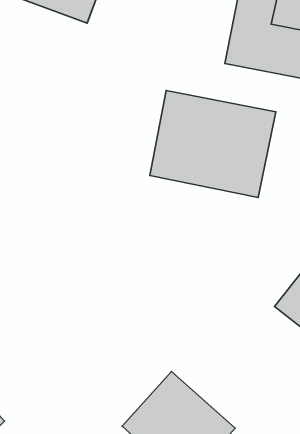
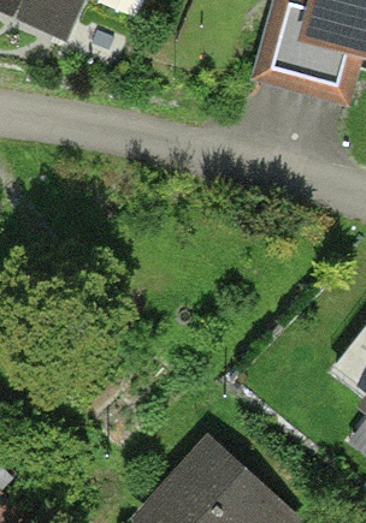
building: [150,91,276,198] -> none

